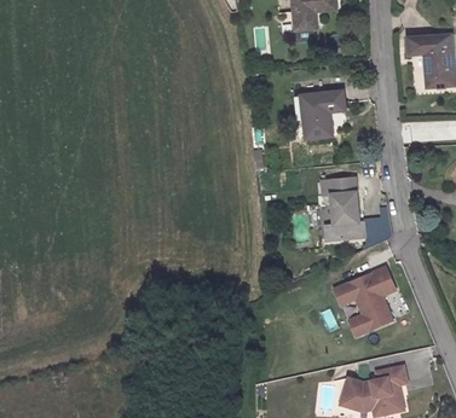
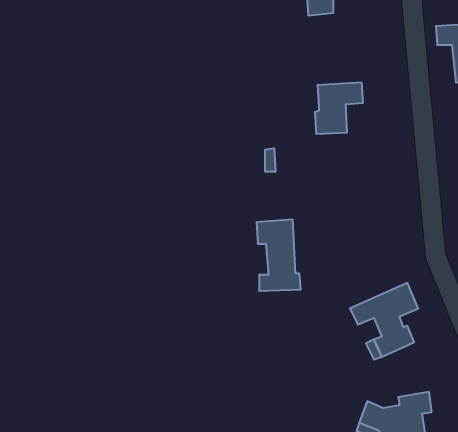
building: [318,174,358,238] -> [256,220,301,291]

